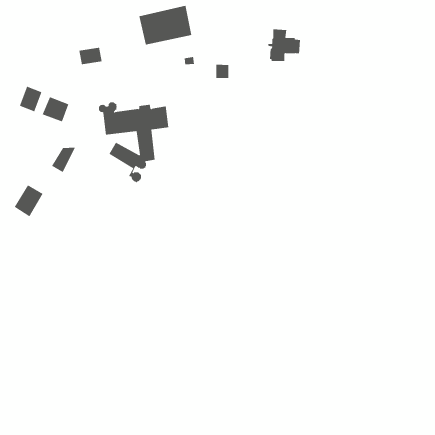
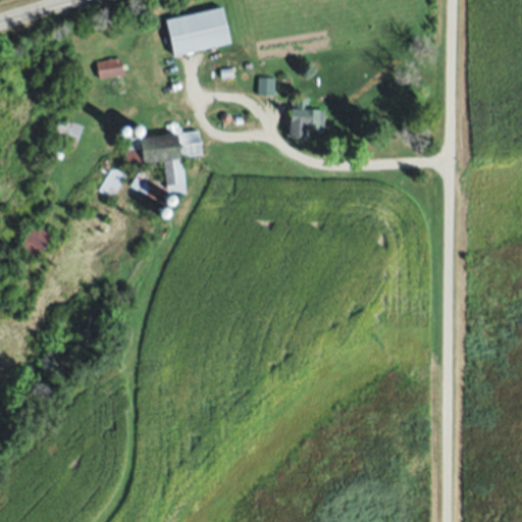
building: [267,29,301,61] -> [286,99,326,138]
building: [19,86,42,112] -> none
building: [51,147,76,173] -> [99,169,128,200]

